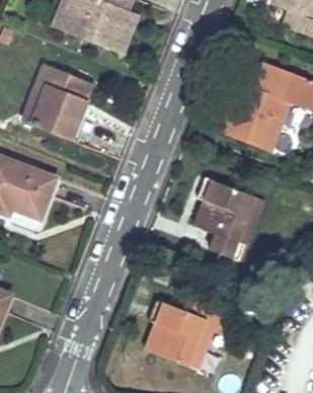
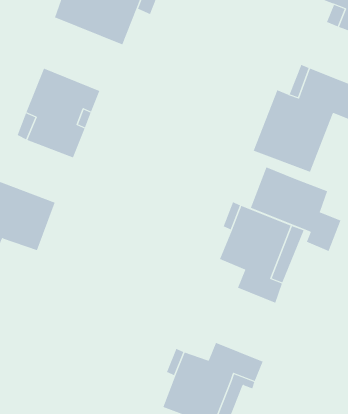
building: none -> [250,167,341,252]

